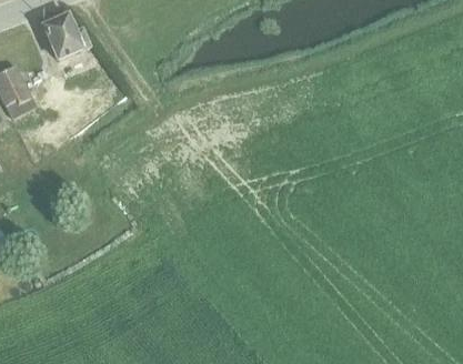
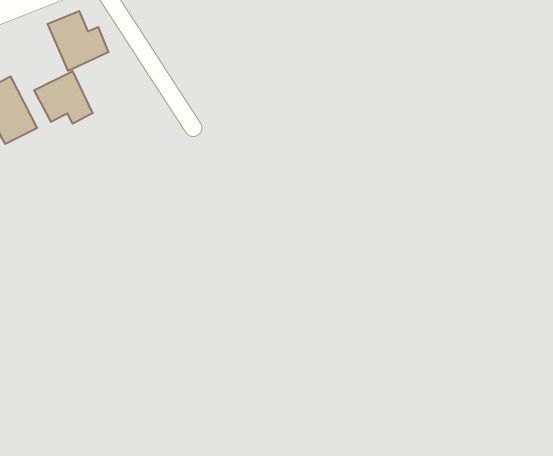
building: none -> [34,71,93,124]

